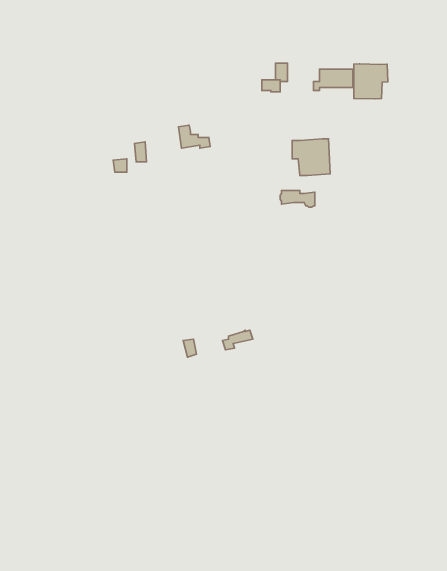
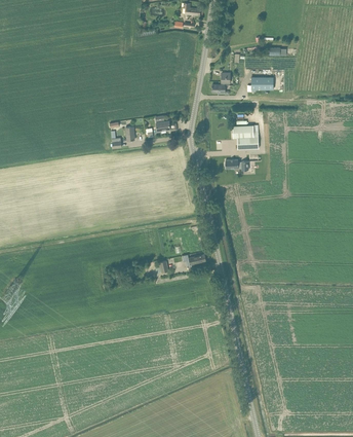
building: [354,64,388,99] -> none

